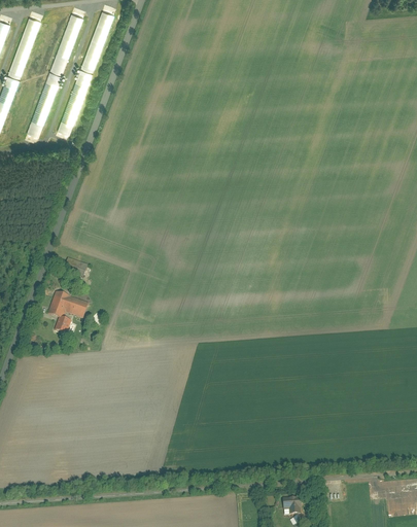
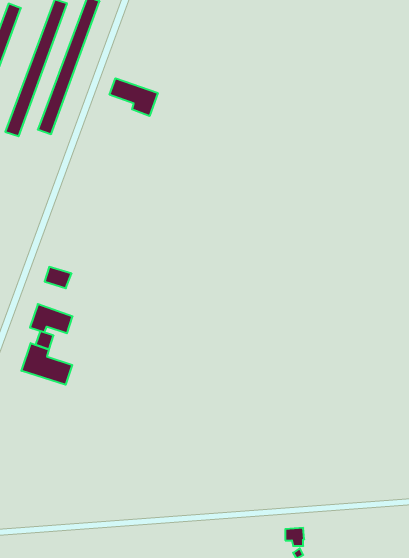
building: none -> [110,78,158,116]
building: none -> [21,343,72,385]

